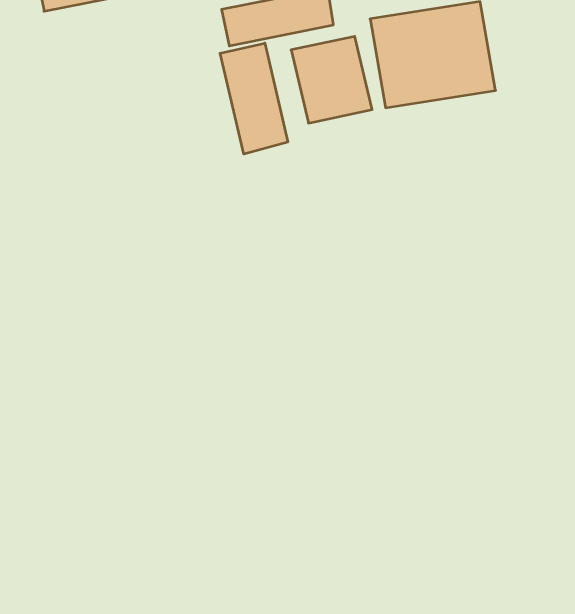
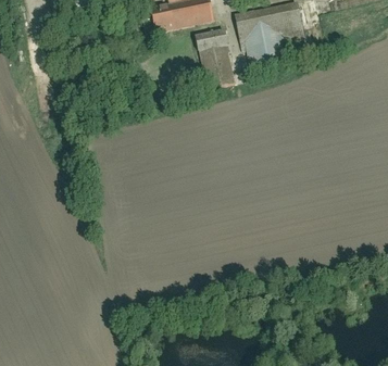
building: [220,43,288,154] -> none

